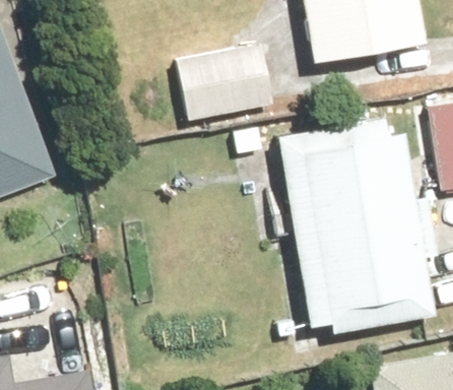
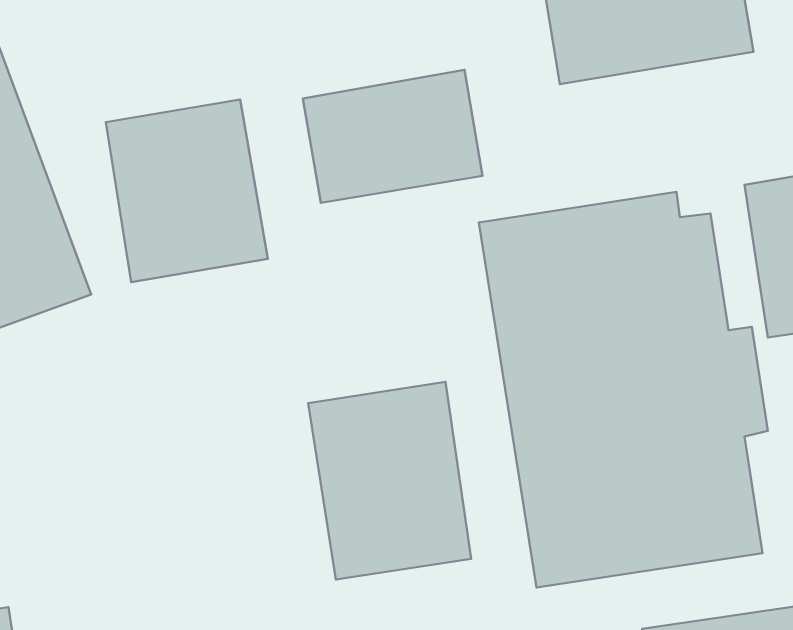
building: none -> [106,100,268,282]
building: none -> [308,382,471,580]

